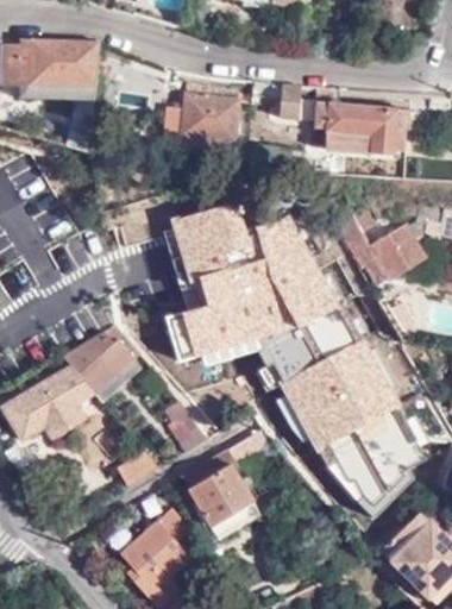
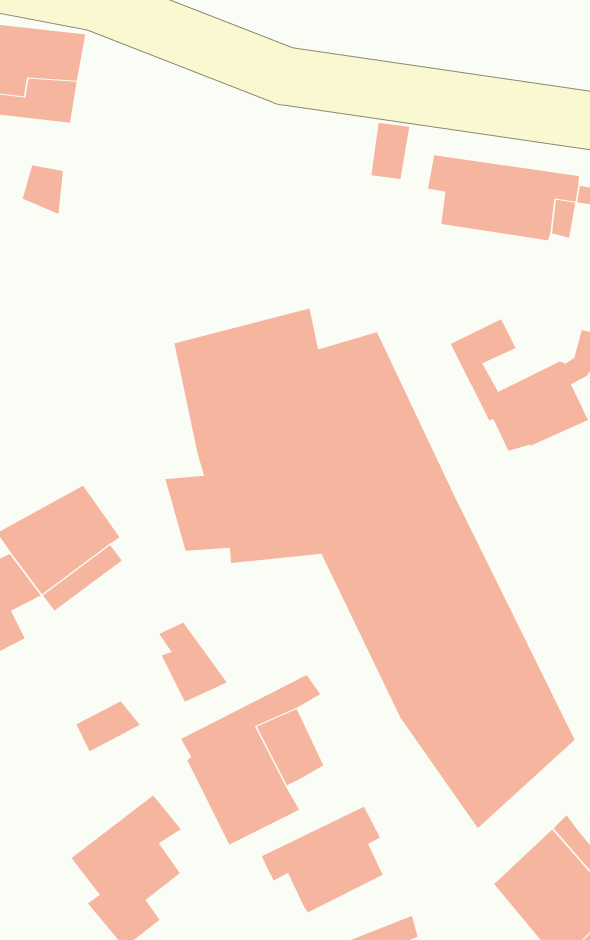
building: [178,82,236,151] -> none
building: none -> [261,806,383,913]

